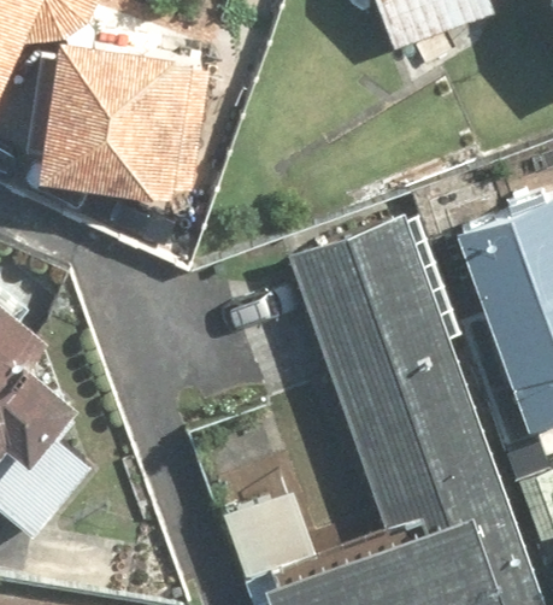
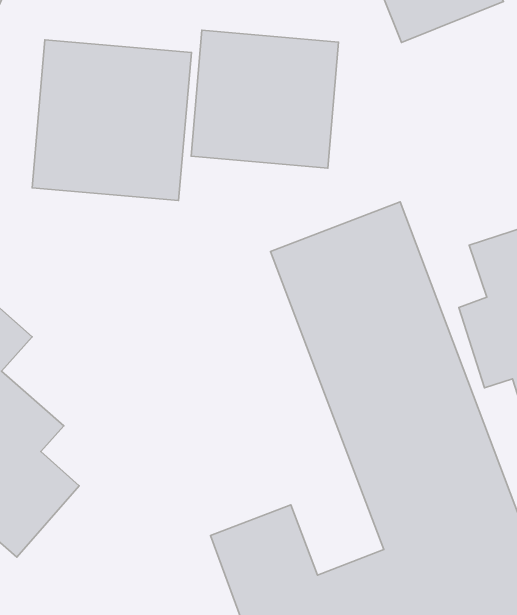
building: none -> [191,30,338,168]

